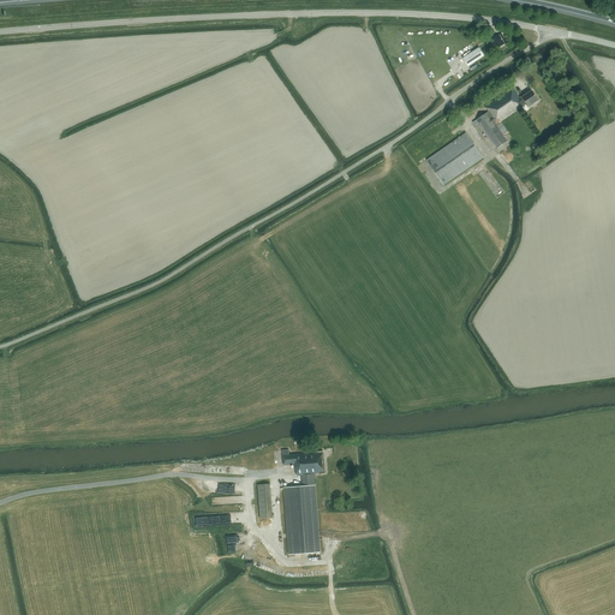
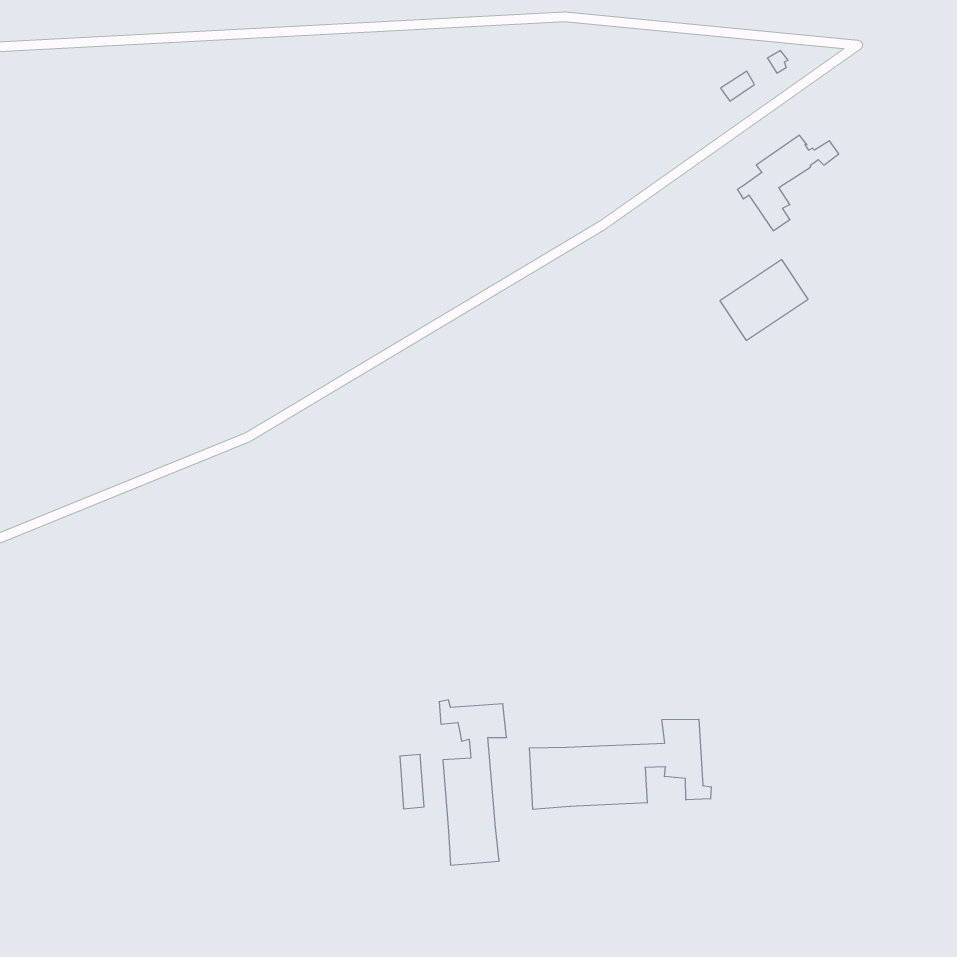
building: [425,132,482,184] -> [720,260,808,340]
building: none -> [530,719,711,809]

